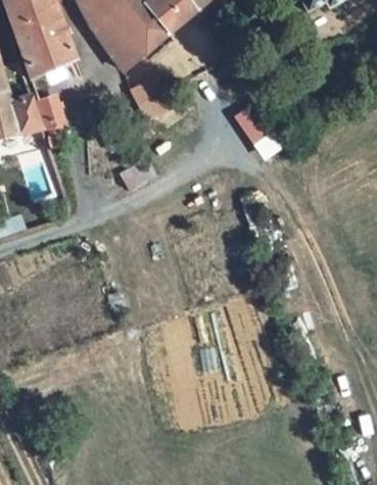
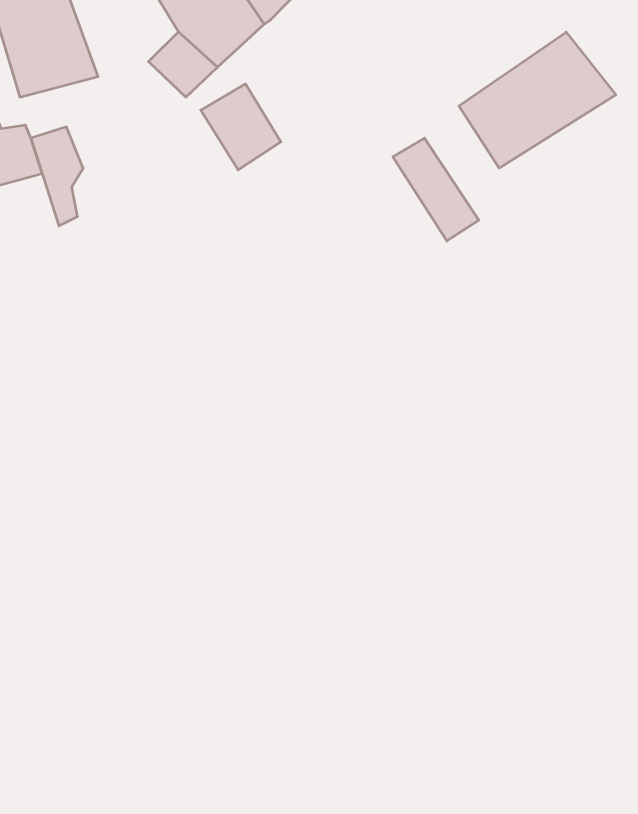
building: none -> [459,32,616,168]

